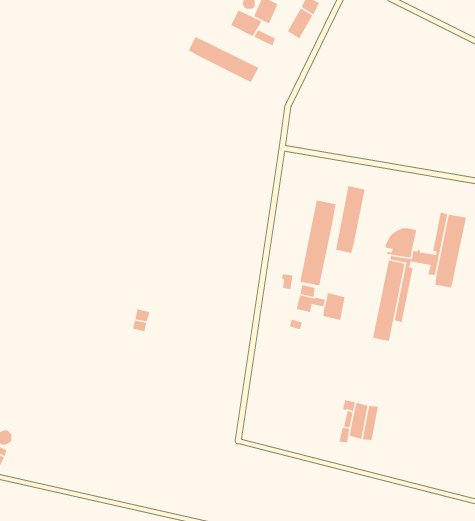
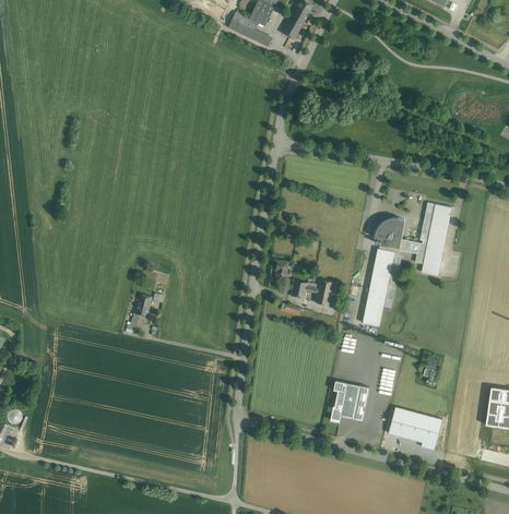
building: [188,36,259,83] -> none
building: [335,185,366,254] -> none
building: [299,199,337,286] -> none
building: none -> [388,406,442,450]

